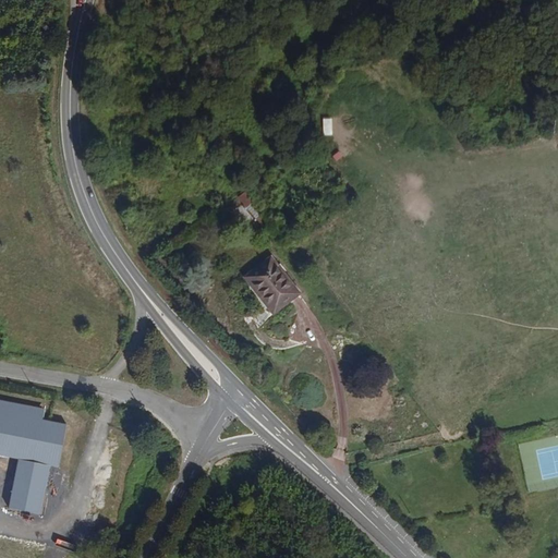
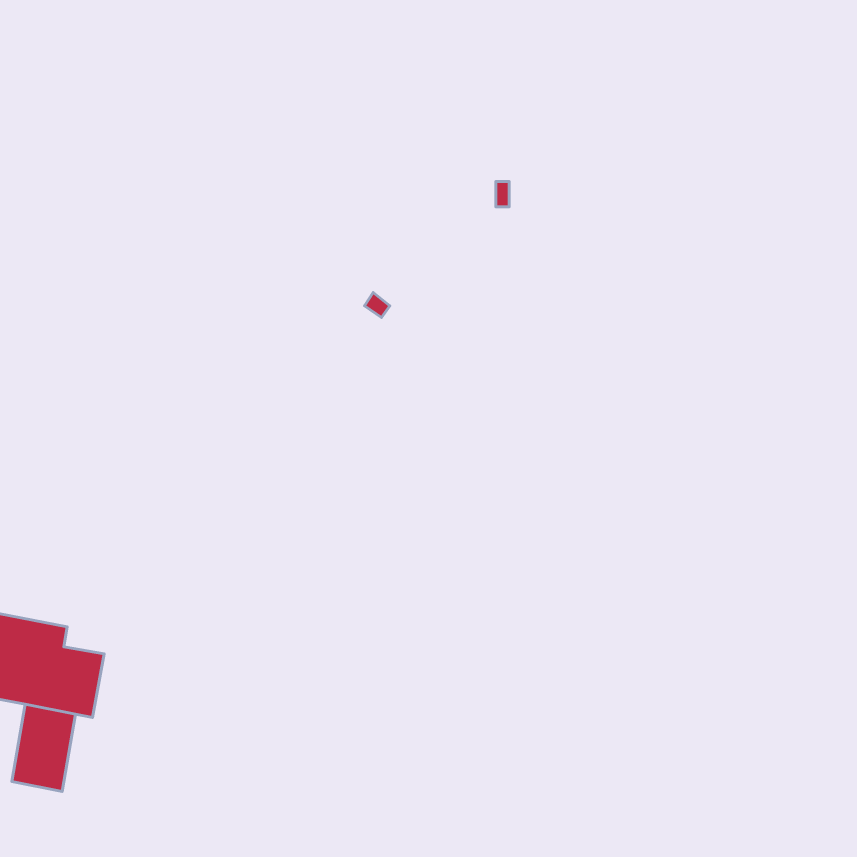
building: [245,259,296,315] -> none

